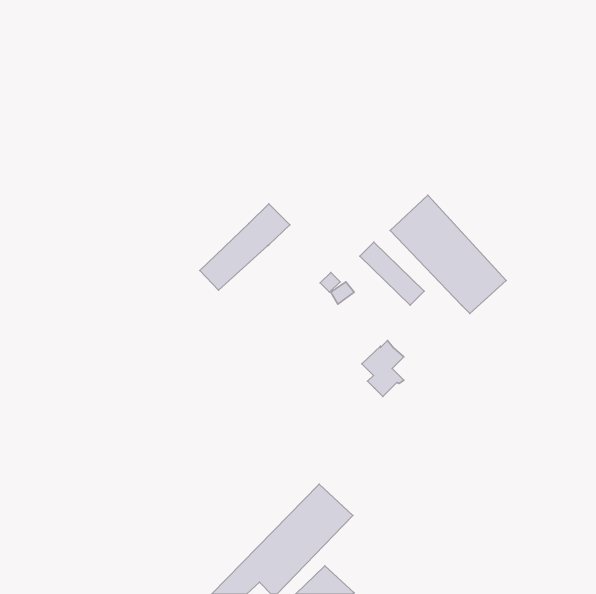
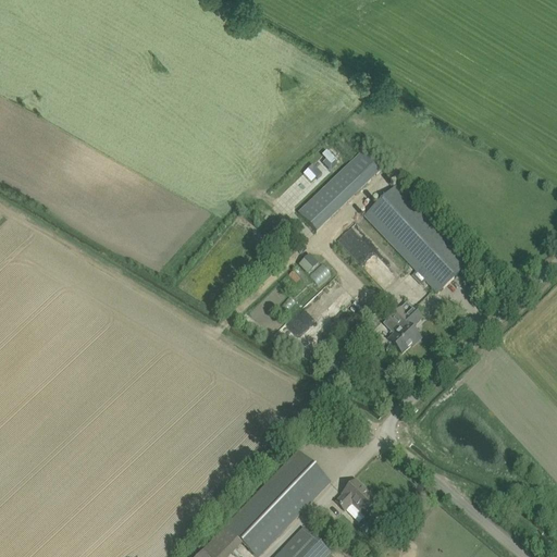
building: [200,204,290,290] -> [298,149,382,230]
building: [362,340,404,396] -> [382,300,421,352]
building: none -> [335,479,375,512]

